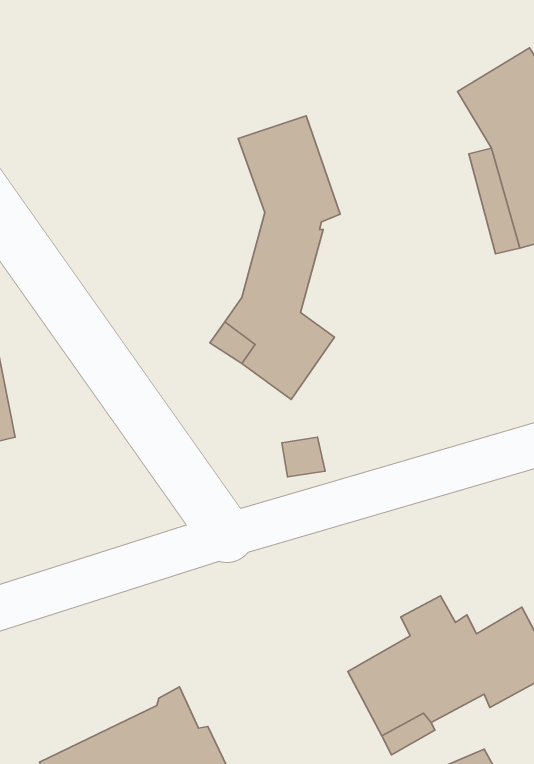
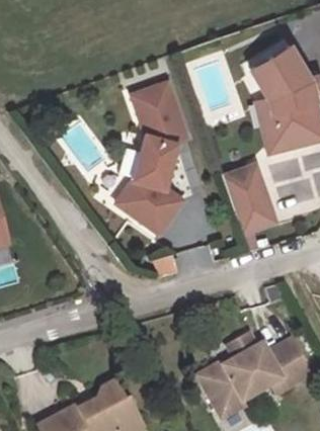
building: none -> [224,165,278,237]

